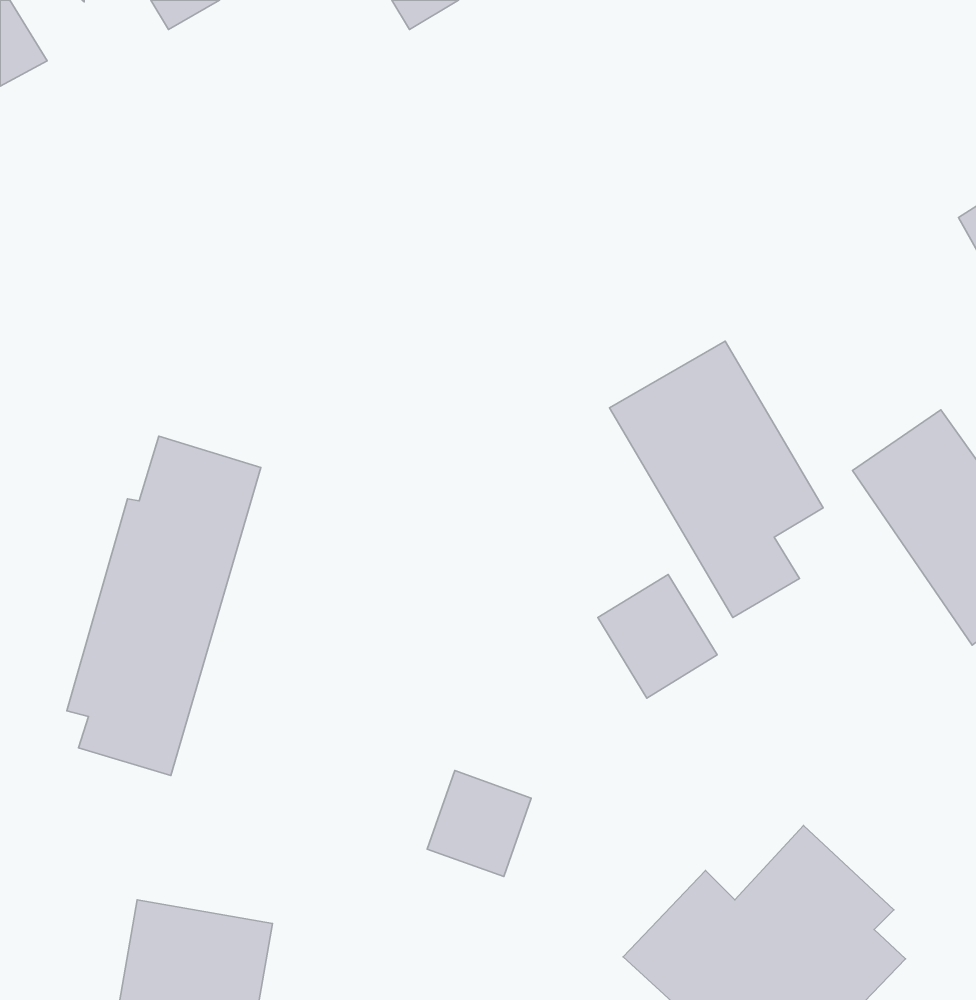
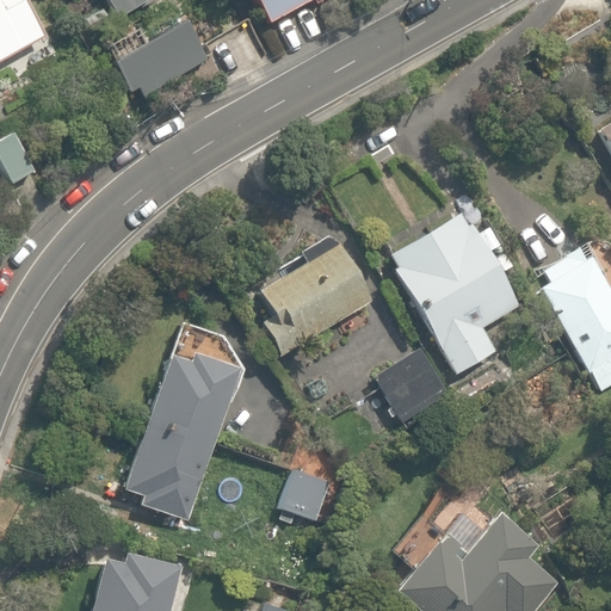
building: none -> [112,12,208,98]
building: none -> [255,243,366,350]
building: [67,436,261,775] -> [128,319,246,525]

